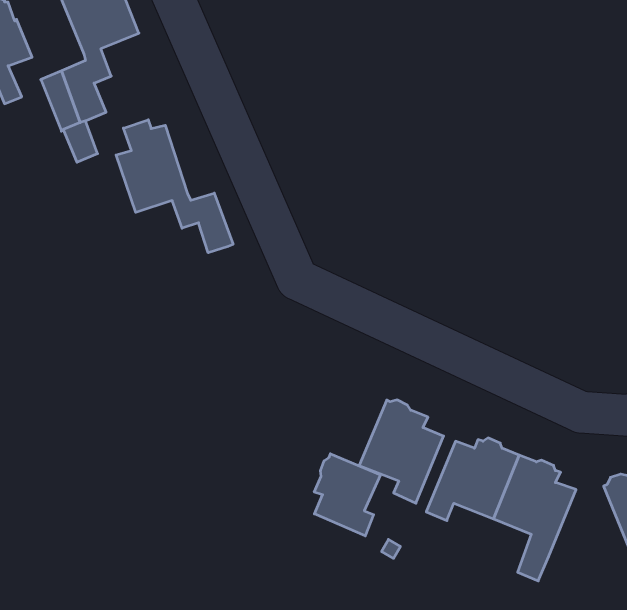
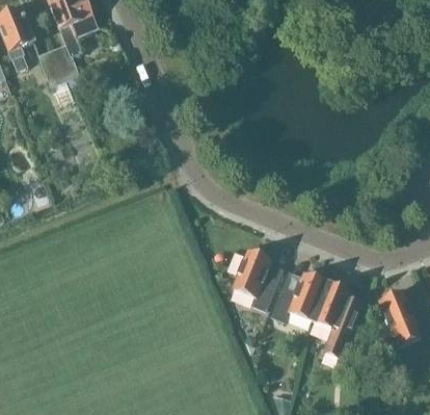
building: [116,120,233,253] -> none
building: [314,454,380,536] -> none

